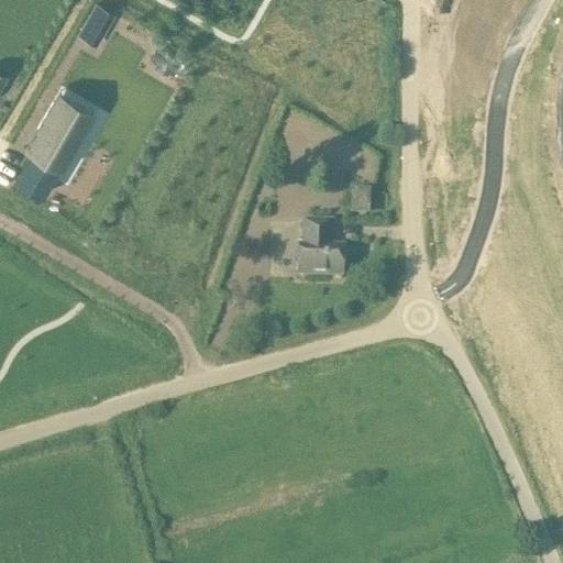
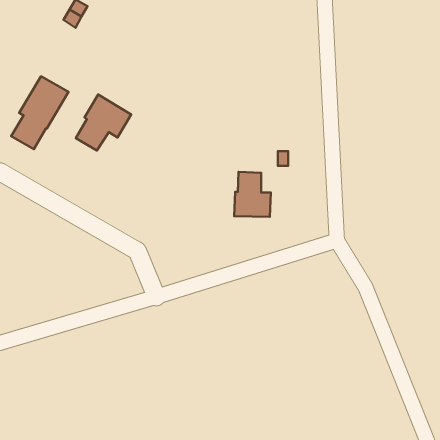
building: none -> [76,95,131,150]

